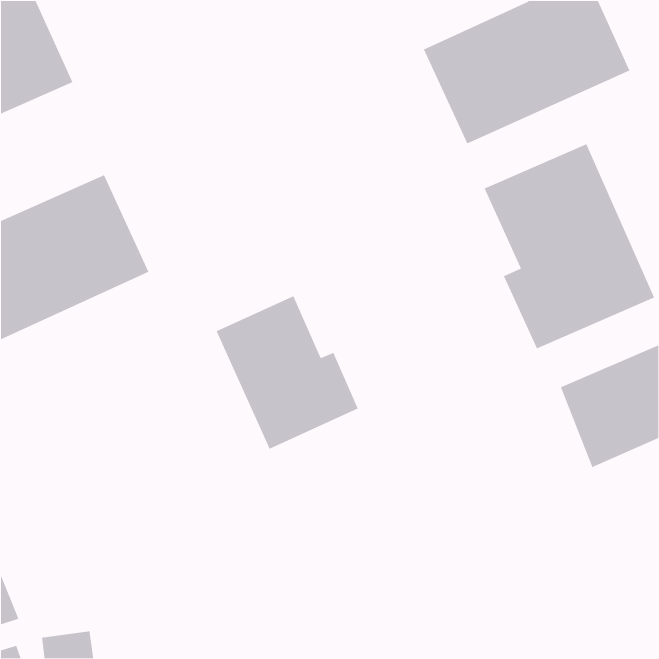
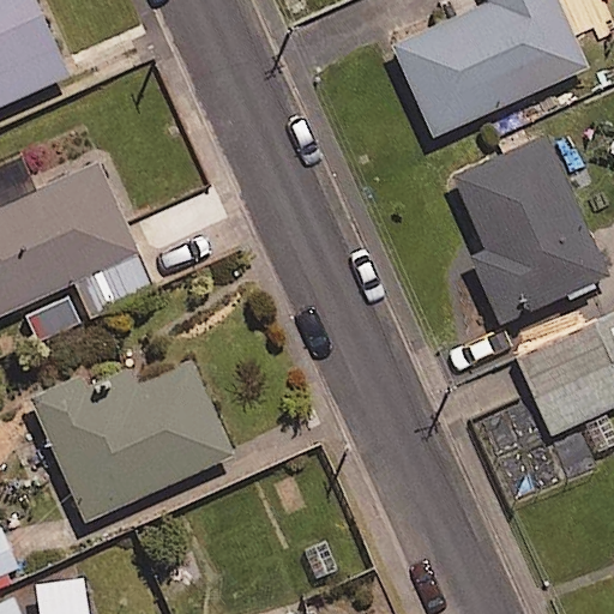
building: [216,295,359,450] -> none
building: none -> [30,362,230,520]

